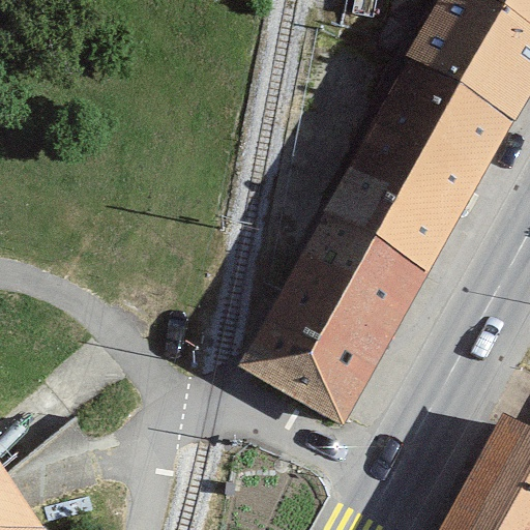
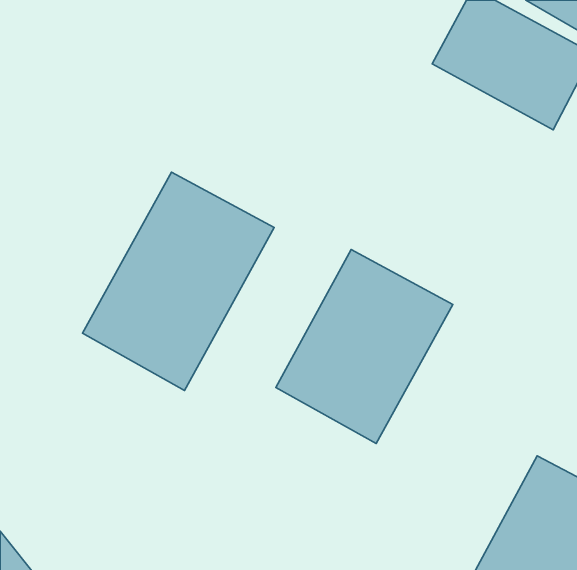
building: [322,79,502,277] -> none
building: none -> [83,172,274,390]

